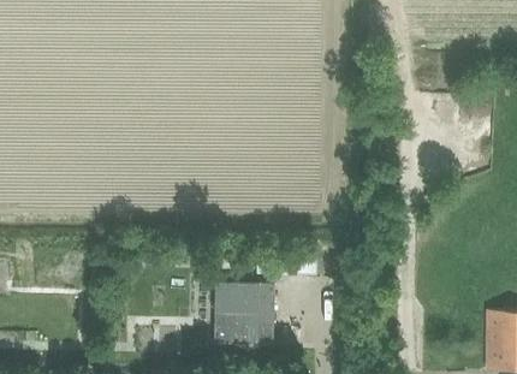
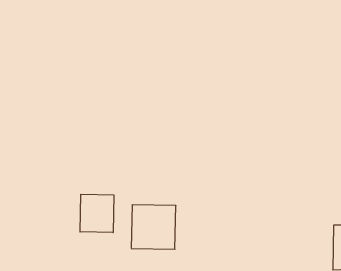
building: none -> [80,194,114,233]

